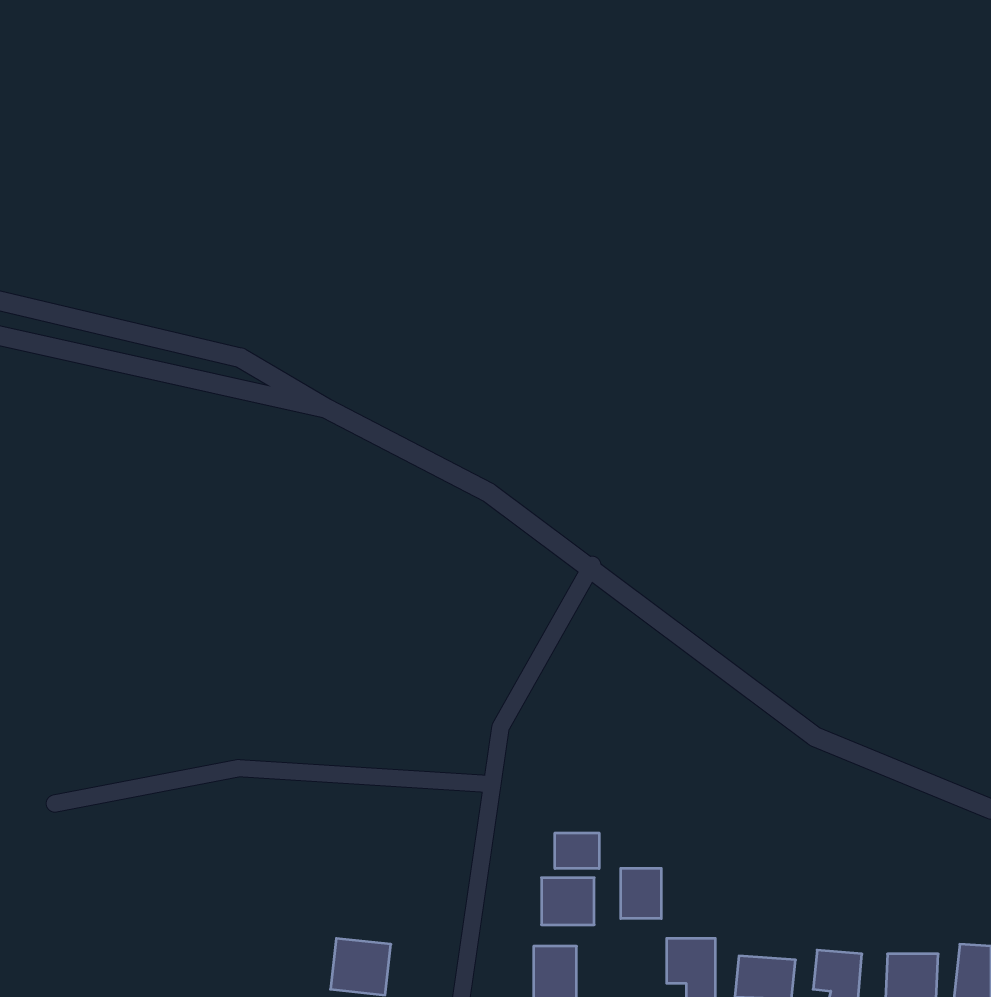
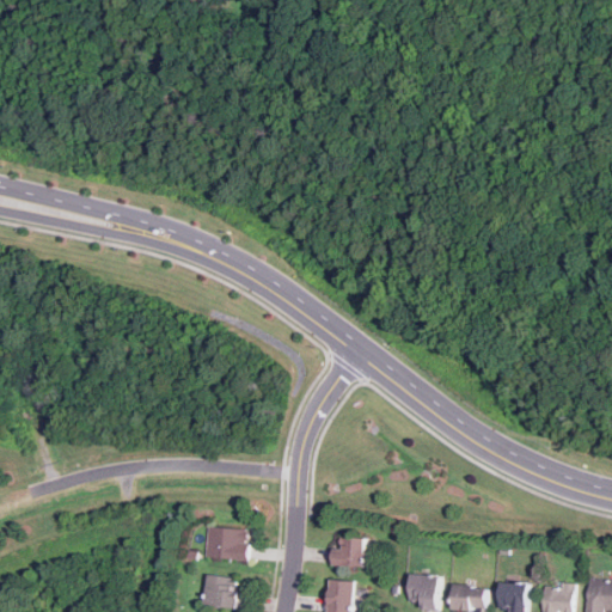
building: [555,833,599,869] -> none
building: none -> [204,528,246,559]
building: [621,868,661,919] -> none

